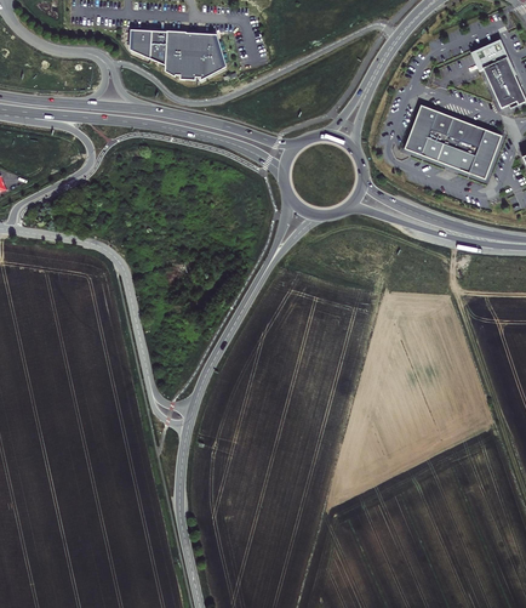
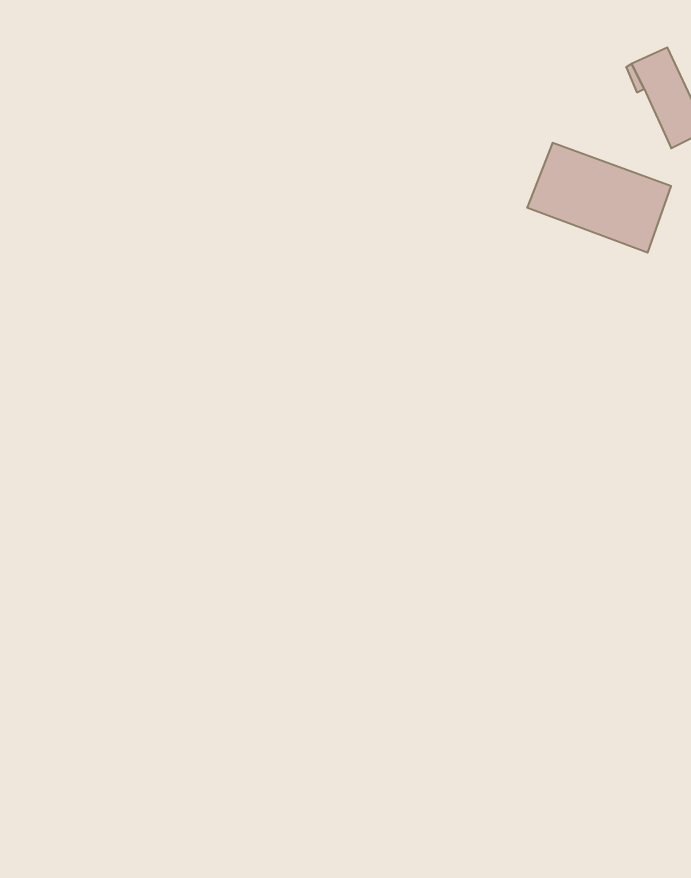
building: [132,28,223,79] -> none

